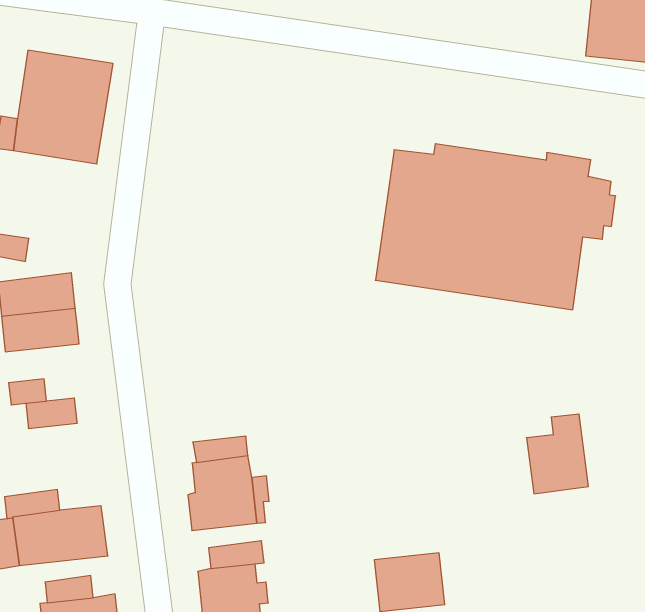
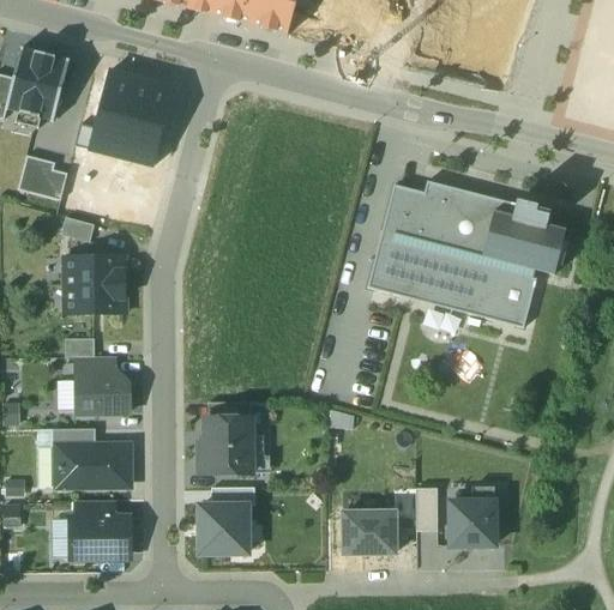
building: [526,414,588,494] -> [450,484,495,544]
building: none -> [77,374,128,411]
building: none -> [419,487,440,531]

